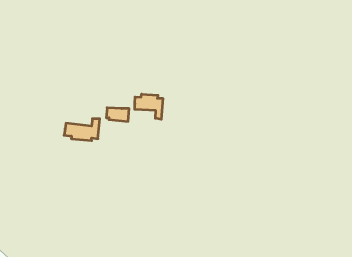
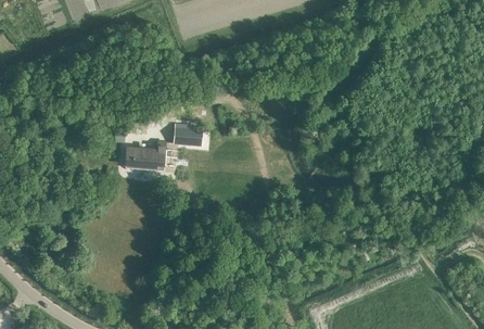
building: [135,94,163,119] -> none

